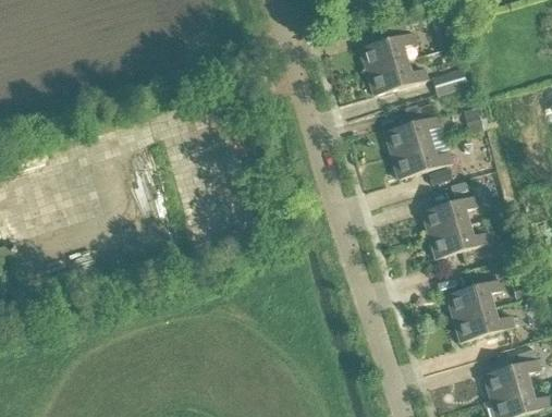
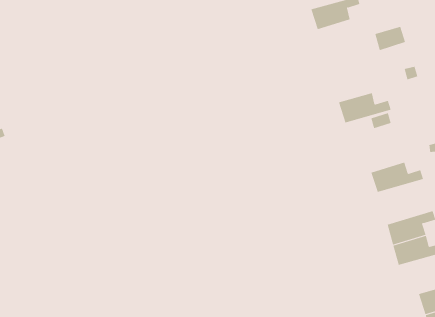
building: [368,58,428,93] -> none
building: [385,100,442,152] -> none
building: [422,194,479,233] -> none

